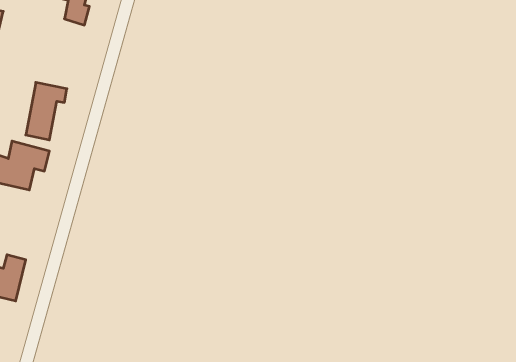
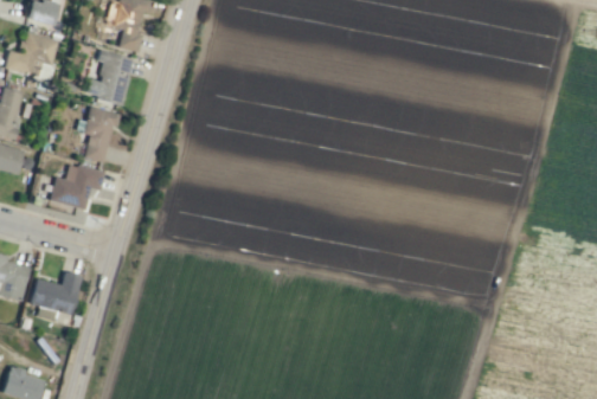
building: none -> [88,49,135,104]

